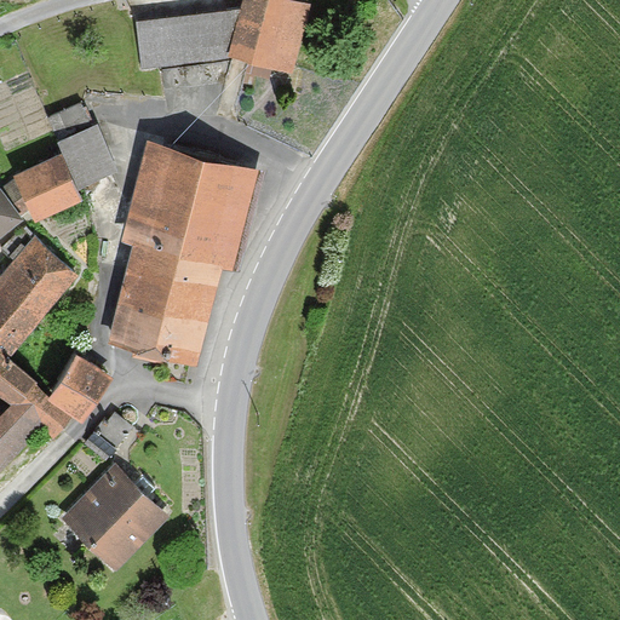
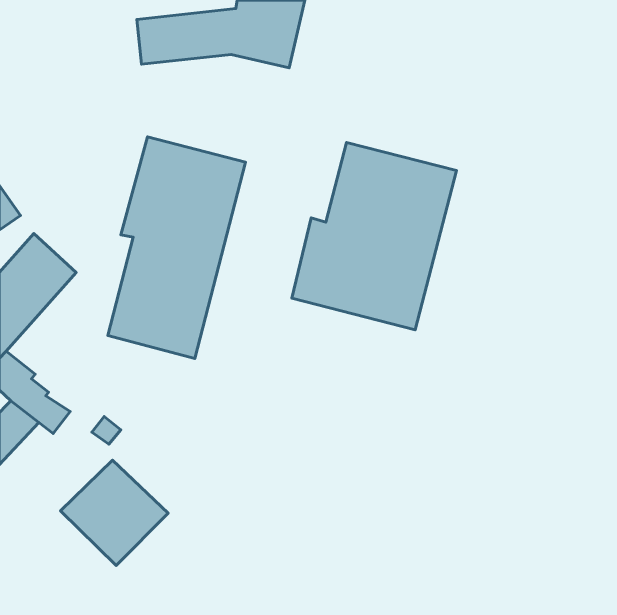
building: [13,105,115,220] -> none
building: none -> [292,142,456,330]
building: [46,356,109,421] -> none

